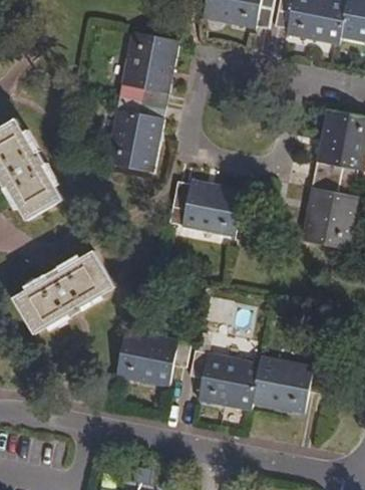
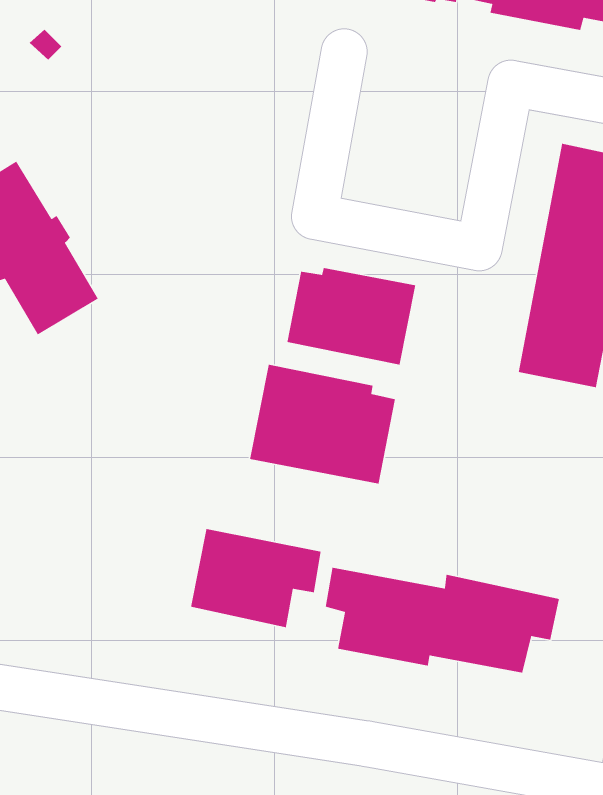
building: [106,31,179,172] -> none
building: none -> [249,364,396,484]
building: [14,250,113,332] -> none

